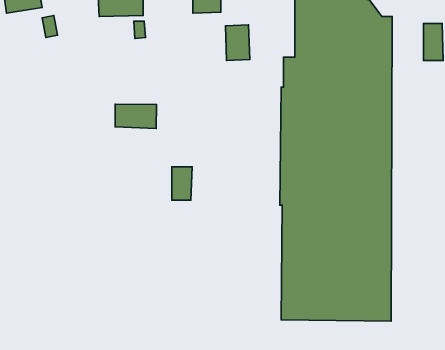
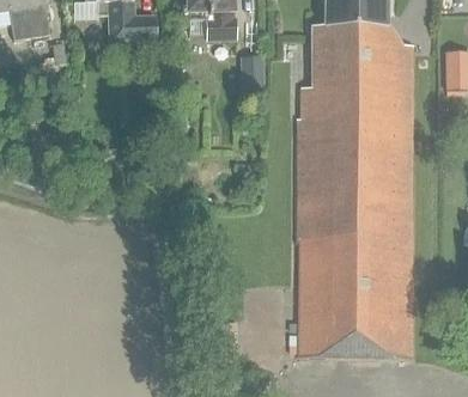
building: [115,104,156,128] -> none
building: [172,167,192,200] -> none

